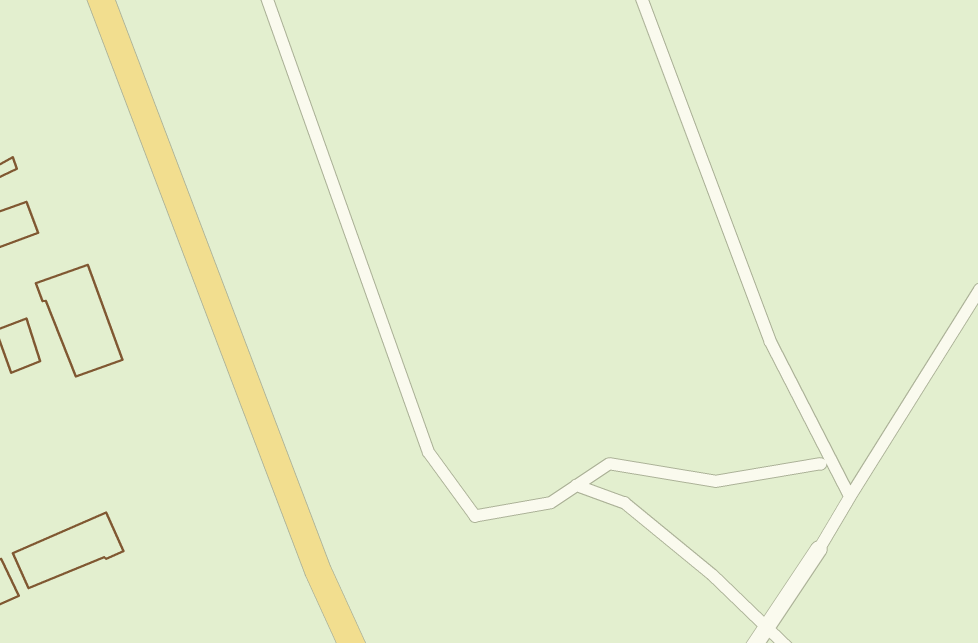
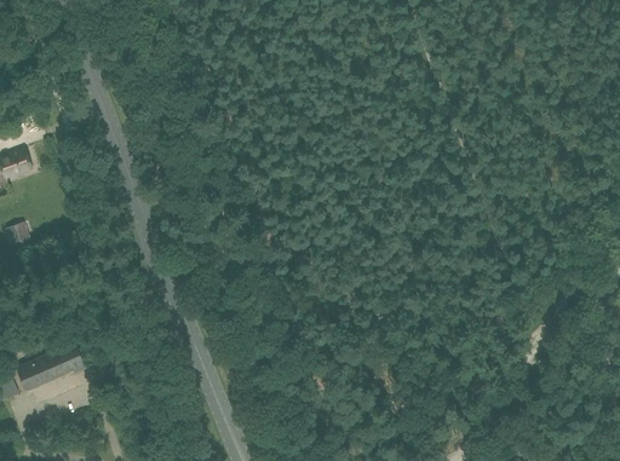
building: [36,265,122,376] -> none

